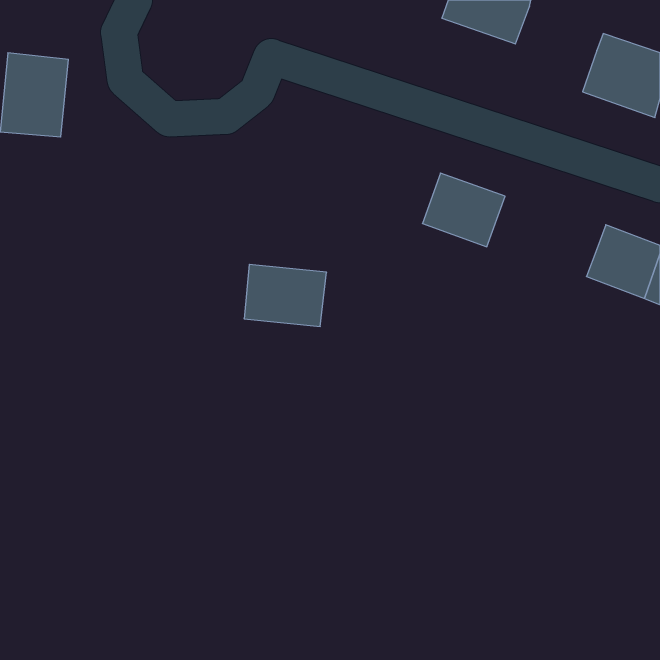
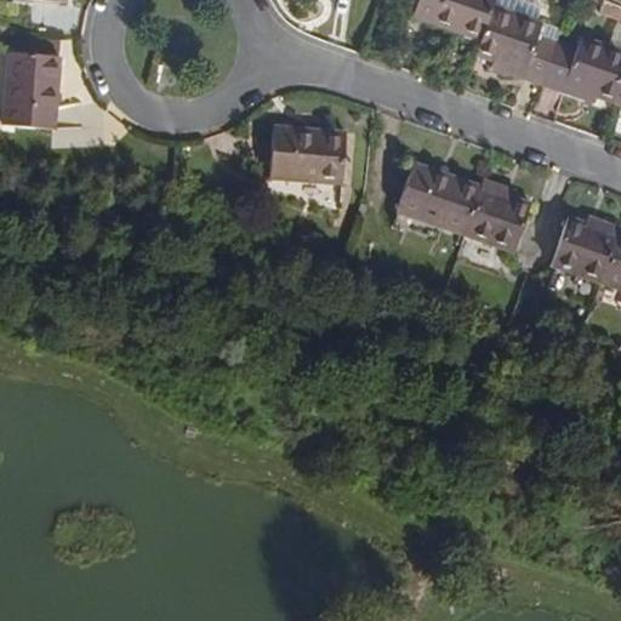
building: none -> [480,6,560,86]
building: none -> [457,184,528,251]
building: [244,264,327,326] -> [269,126,347,184]

